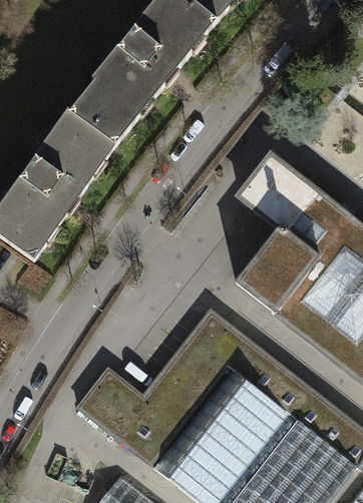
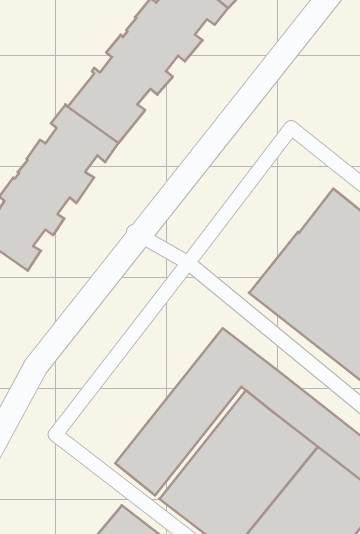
building: [240,156,311,227] -> none
building: [77,370,143,436] -> none

